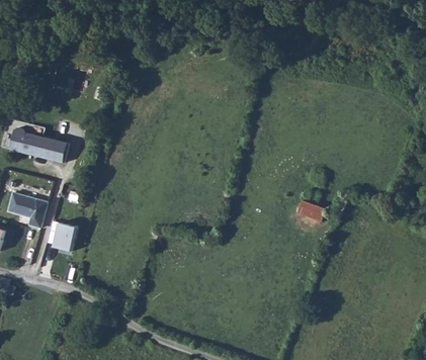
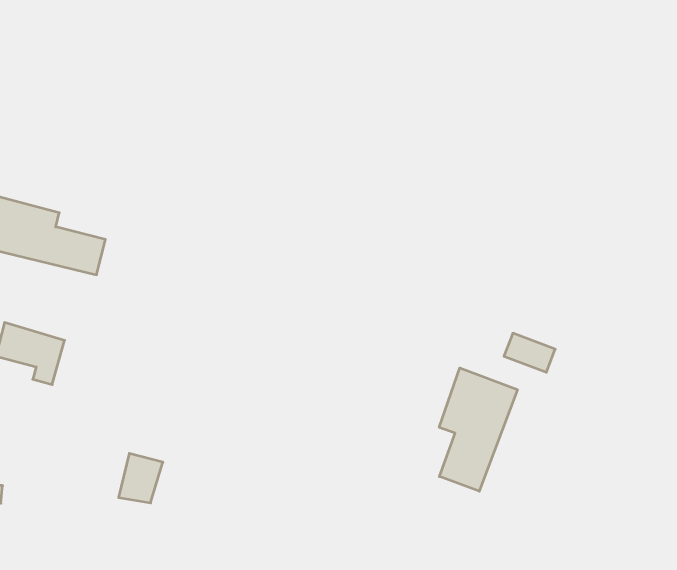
building: none -> [439,368,517,491]
building: [53,221,78,250] -> [119,453,163,503]

